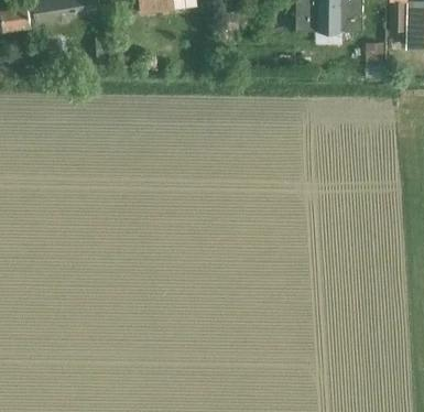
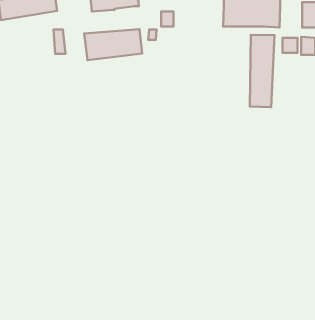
building: none -> [84,29,142,60]
building: none -> [250,35,274,107]

